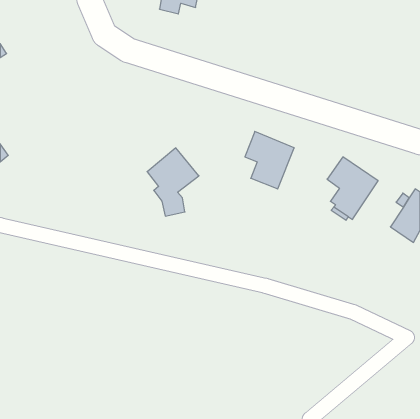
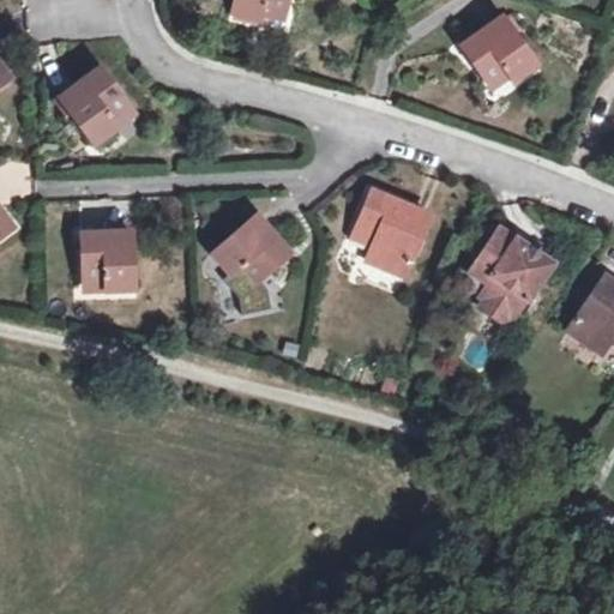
building: none -> [462,17,535,79]
building: none -> [60,67,126,143]
building: none -> [80,233,132,285]

